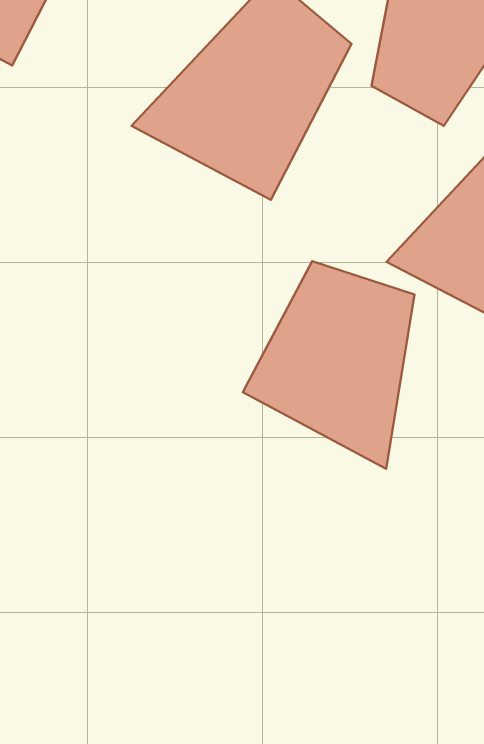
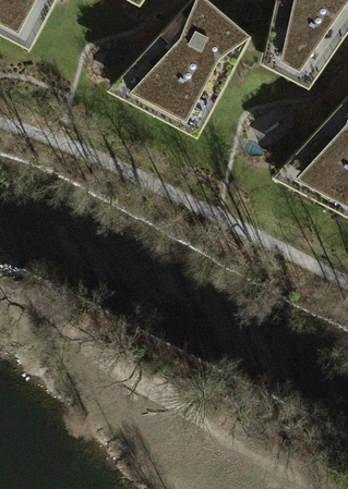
building: [243,261,414,469] -> none

